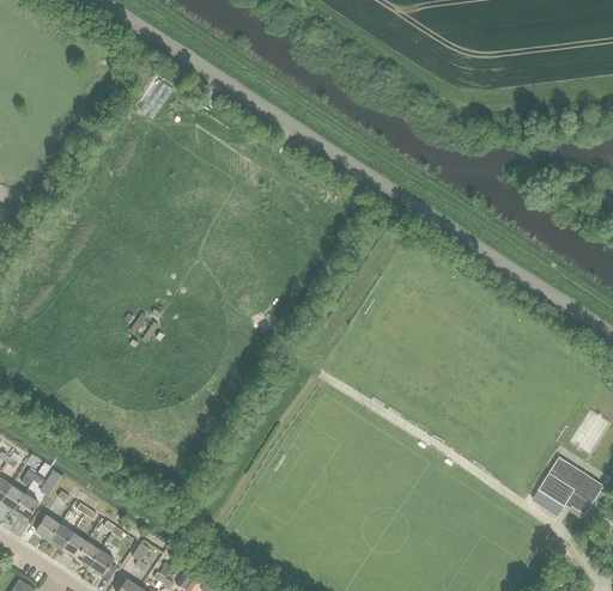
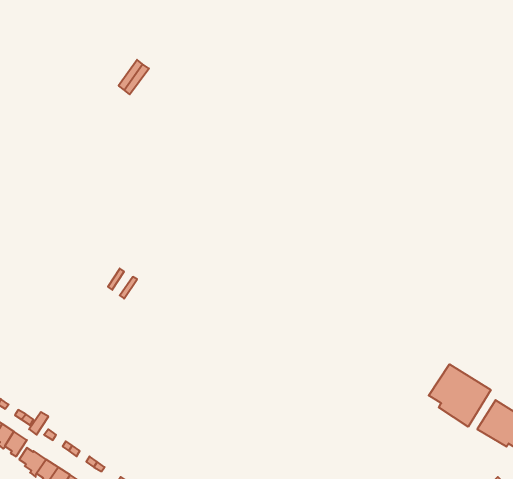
building: none -> [429,364,491,427]

